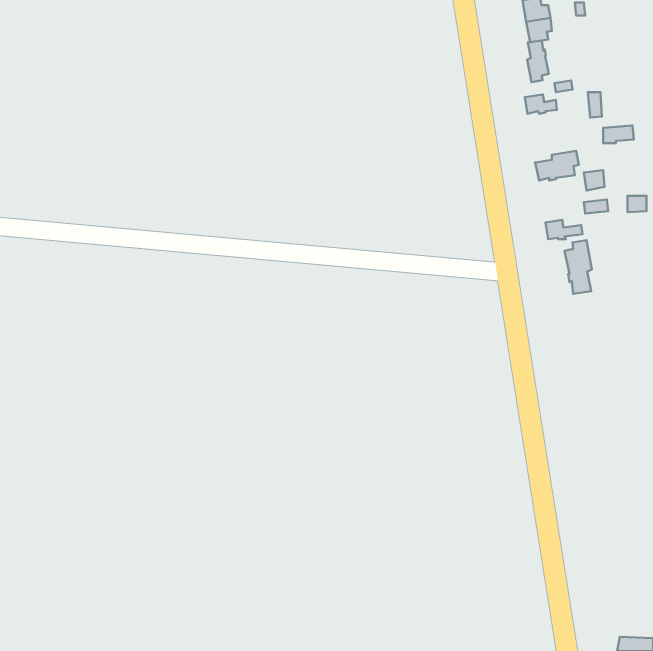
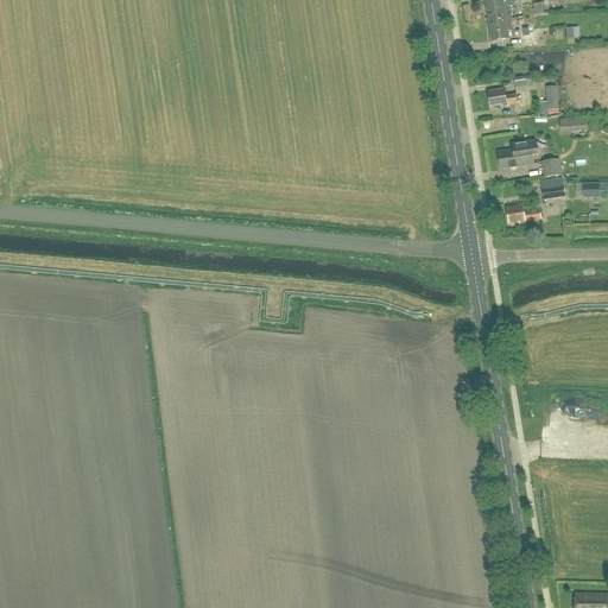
building: [527,41,549,82] -> none
building: [565,240,592,294] -> none

